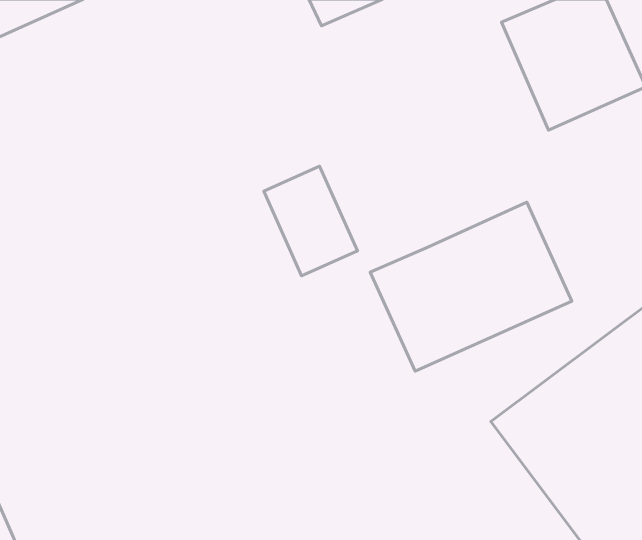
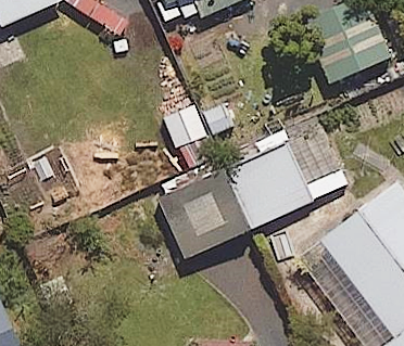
building: none -> [157,167,253,258]

